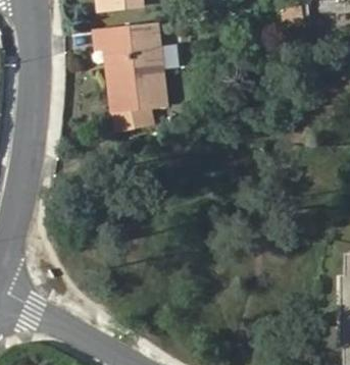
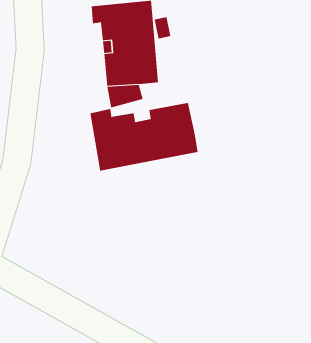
building: none -> [90,102,198,171]

